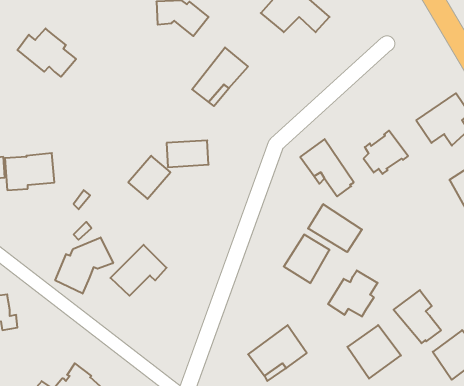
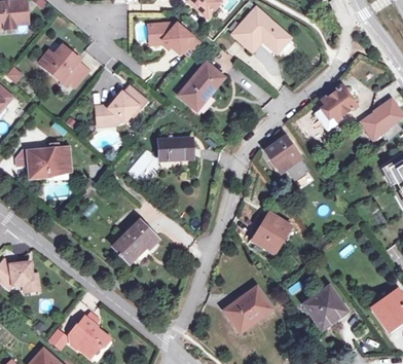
building: none -> [96,87,143,125]
building: [364,131,408,174] -> [321,85,357,120]
building: [308,204,362,252] -> none
building: [55,237,113,294] -> none
building: [328,270,378,317] -> none
building: [394,290,441,343] -> none

